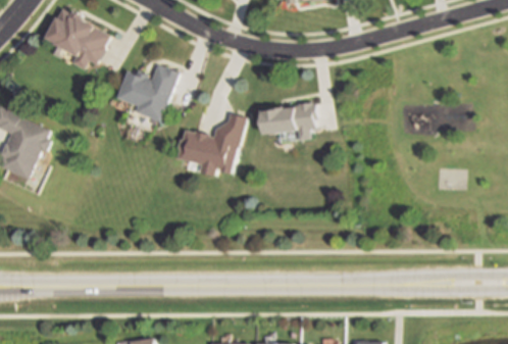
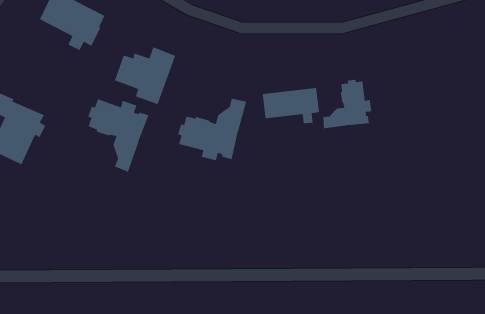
building: none -> [322,79,372,129]
building: none -> [87,98,150,173]

